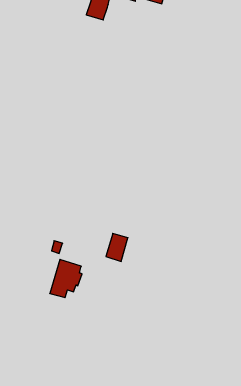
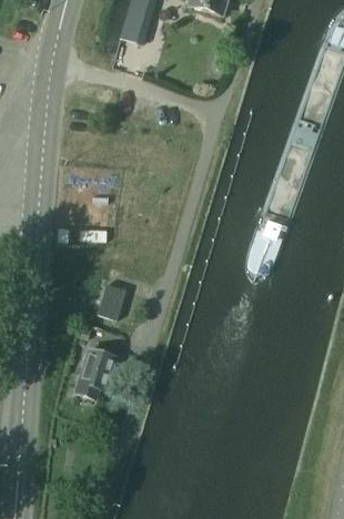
building: [106,233,128,261] -> [95,283,124,319]

